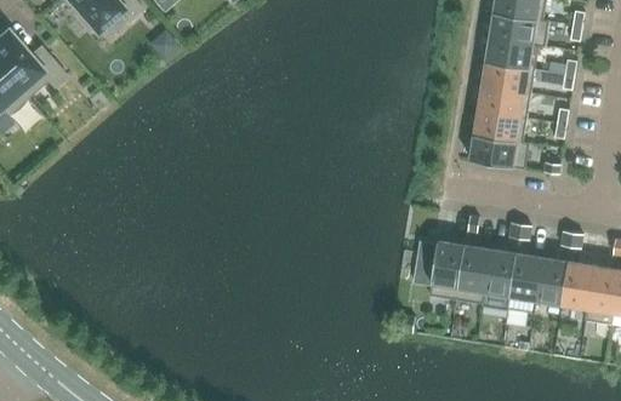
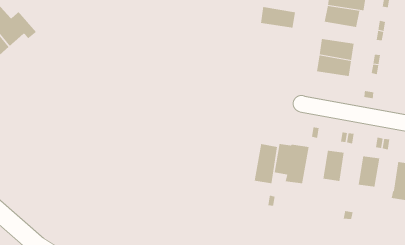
building: [480,62,532,93] -> [260,7,296,28]
building: [468,134,528,170] -> none
building: [454,245,489,304] -> [254,143,278,184]
building: [508,253,541,300] -> none
building: [559,262,592,309] -> none

